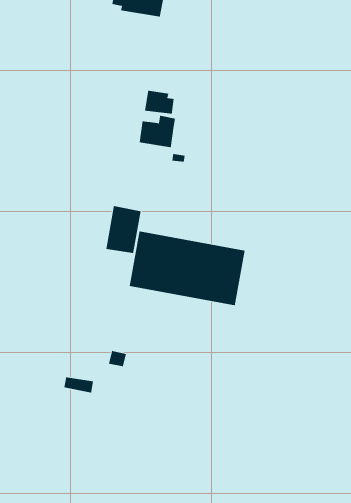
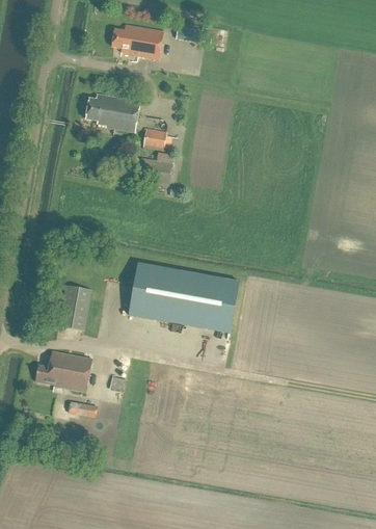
building: none -> [84,94,139,131]
building: [106,206,142,254] -> [57,284,91,329]
building: none -> [35,350,92,391]

